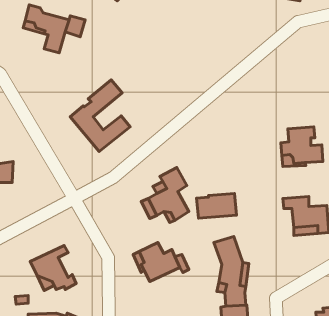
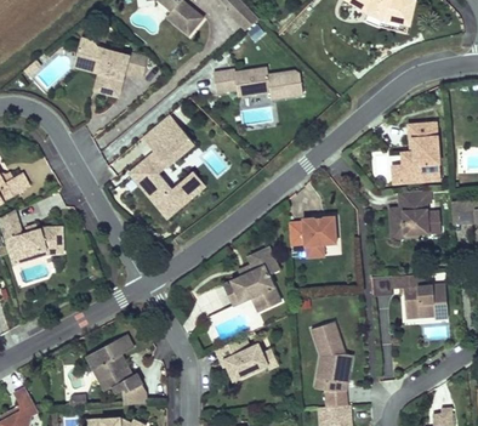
building: none -> [217,67,306,98]
building: none -> [144,118,183,154]
building: none -> [399,121,439,182]
building: [197,193,237,218] -> [285,217,334,248]

